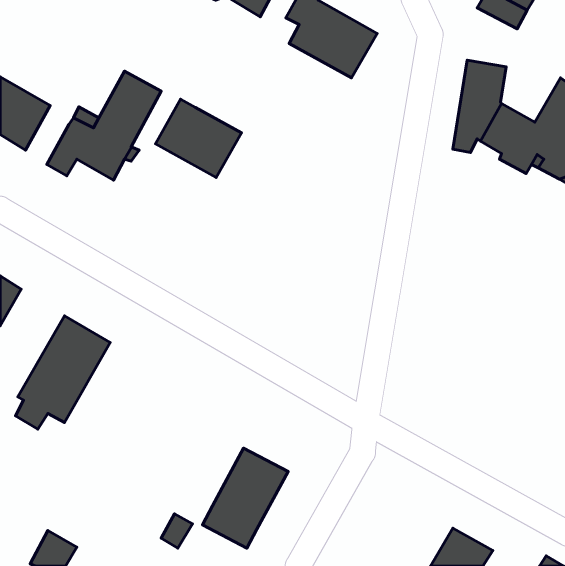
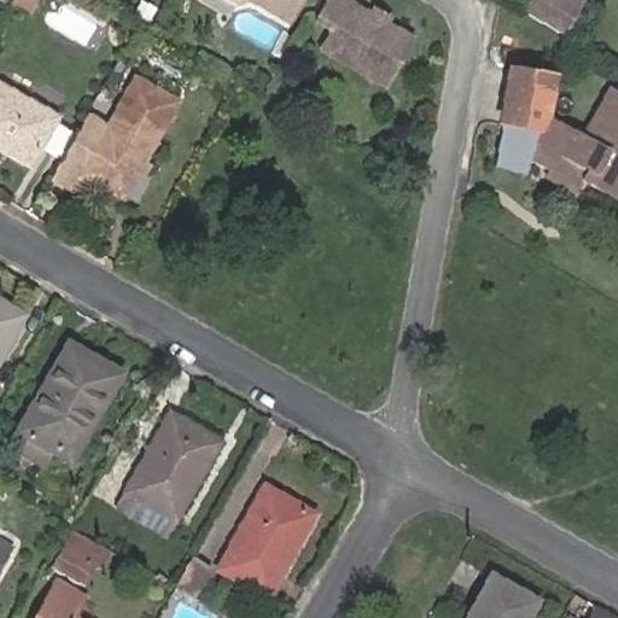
building: [156,99,241,177] -> none
building: none -> [122,413,222,531]
building: none -> [54,530,104,578]

